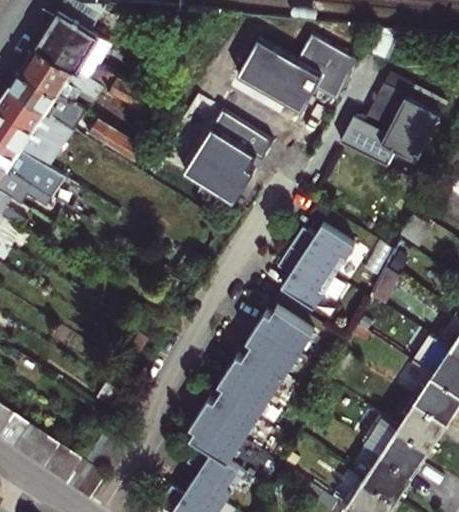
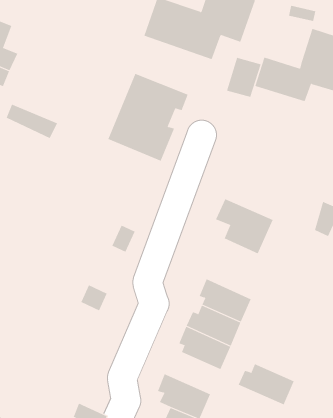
building: [365,87,404,129] -> [226,57,261,98]
building: [290,226,355,279] -> none
building: [258,307,313,353] -> none
building: [201,393,257,439] -> [238,363,294,405]

